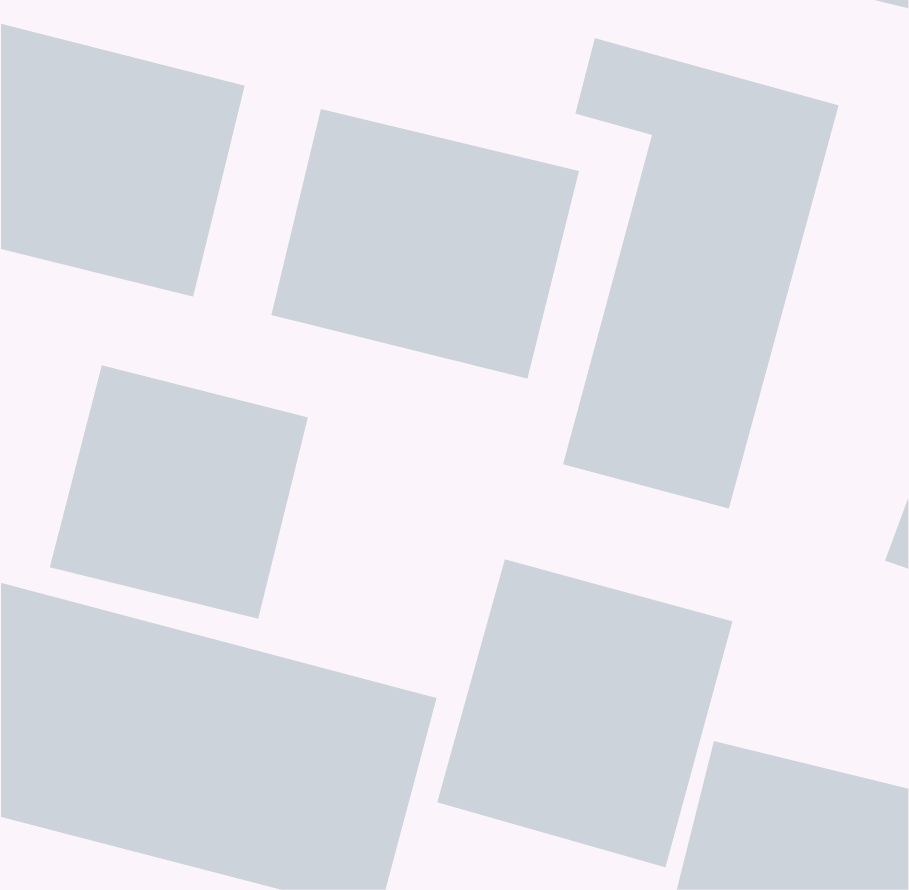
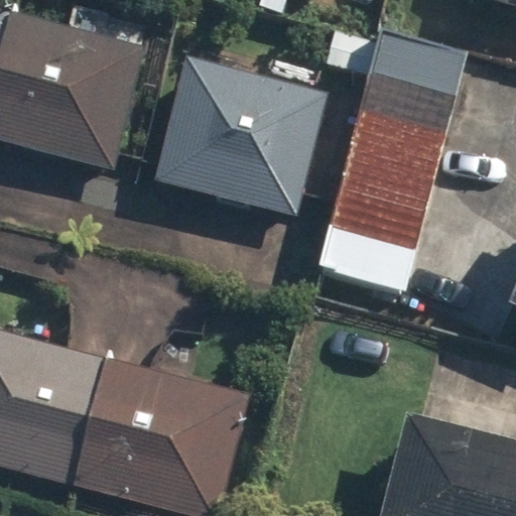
building: [49,365,308,620] -> none
building: [437,558,733,868] -> none

